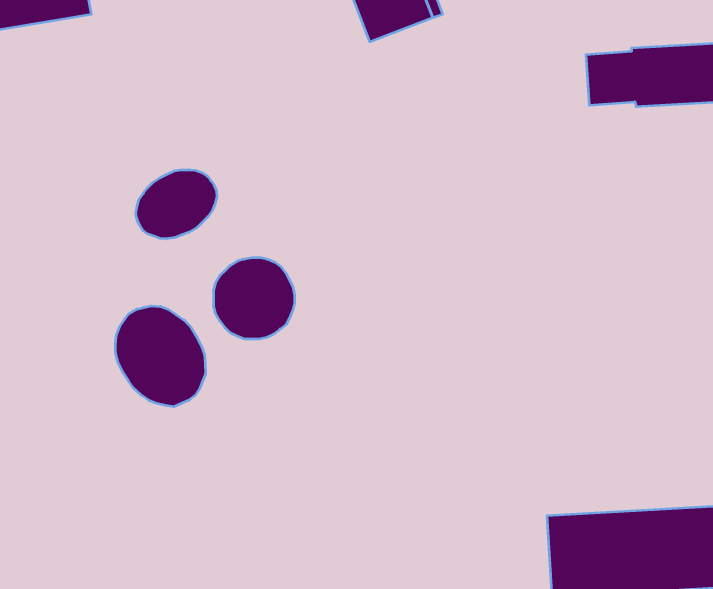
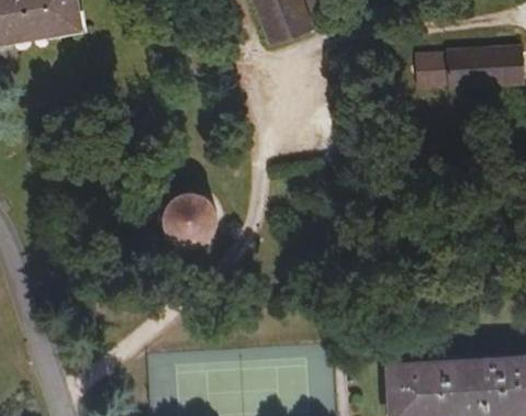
building: [136,170,217,239] -> none
building: [116,306,205,407] -> none

